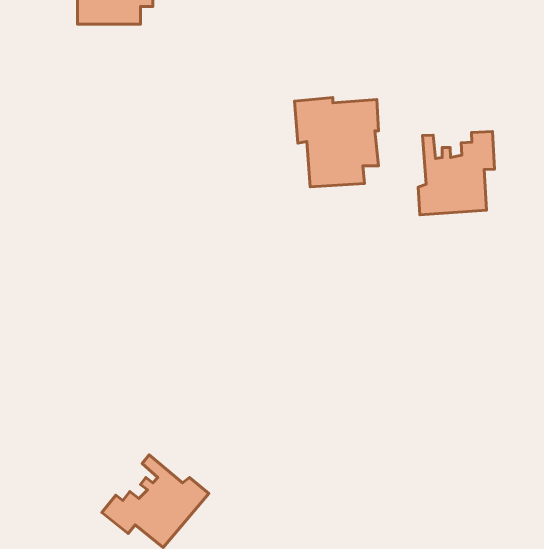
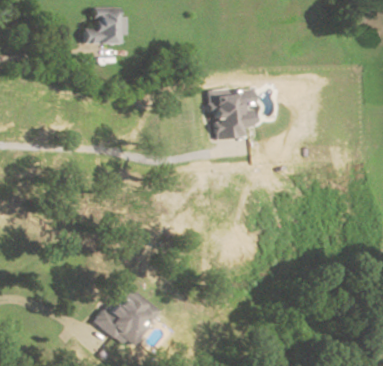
building: [418,131,495,215] -> none

